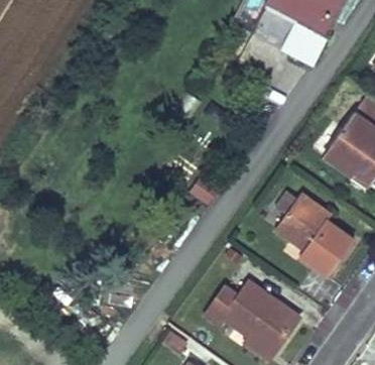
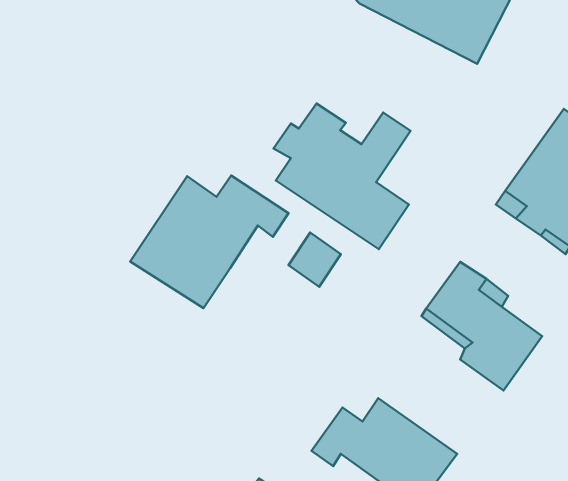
building: none -> [273,104,410,249]
building: none -> [130,175,288,308]

